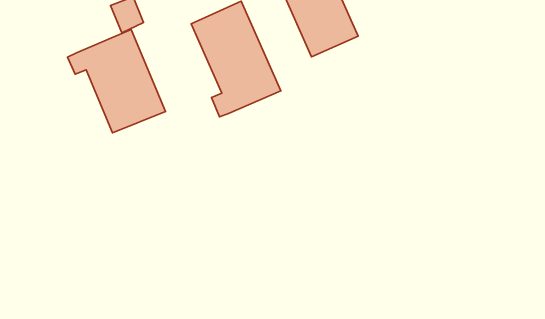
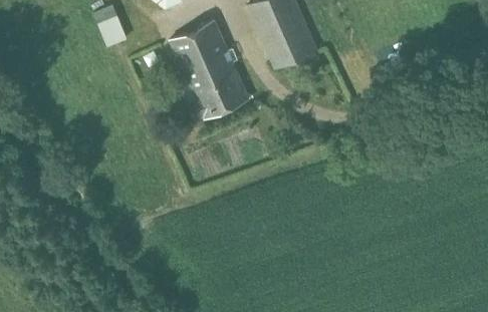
building: [68,30,165,133] -> none

